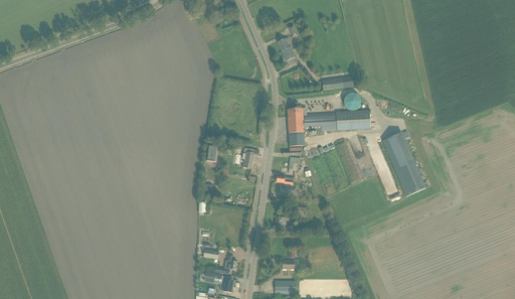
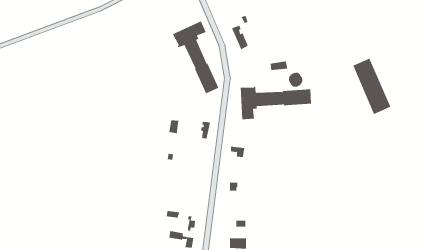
building: none -> [172,21,219,94]
building: [380,130,424,195] -> [352,58,391,115]

